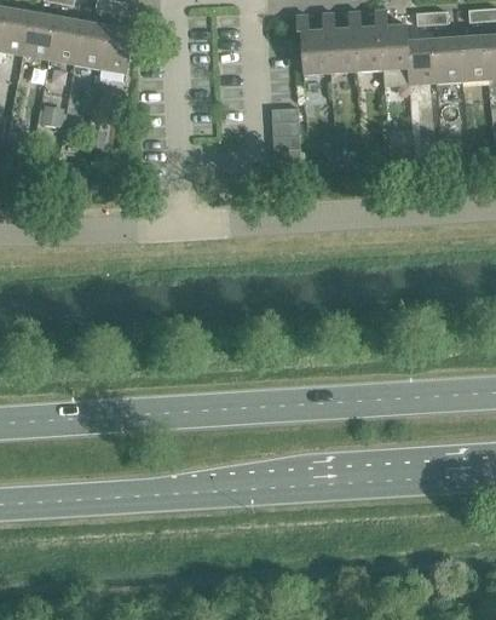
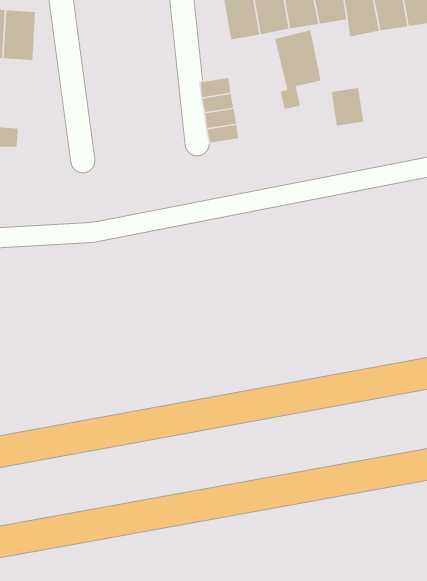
building: none -> [274,30,321,110]

